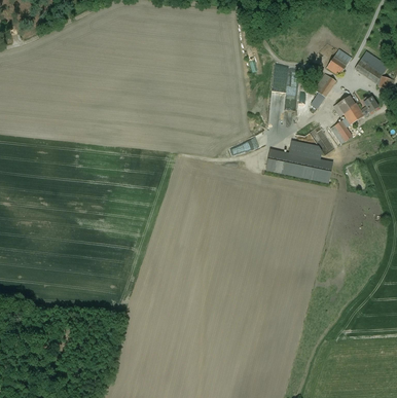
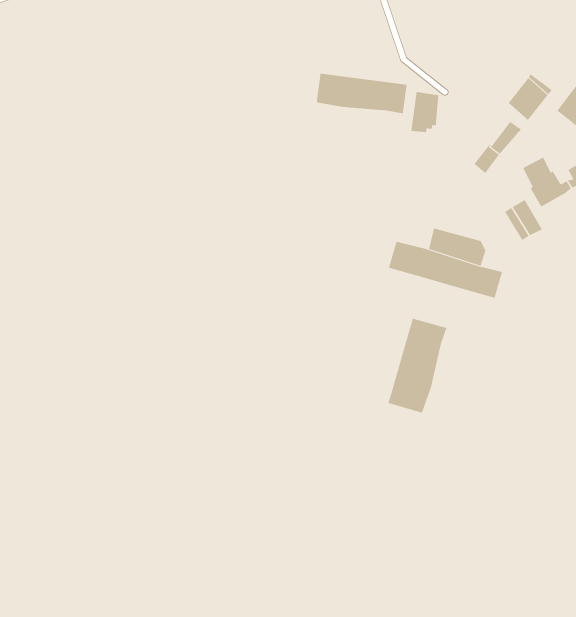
building: none -> [316,73,407,114]
building: none -> [388,318,447,414]

